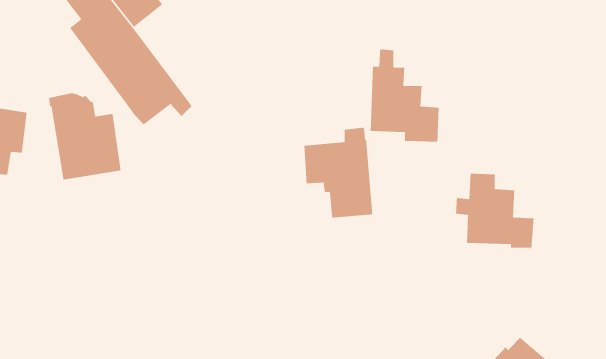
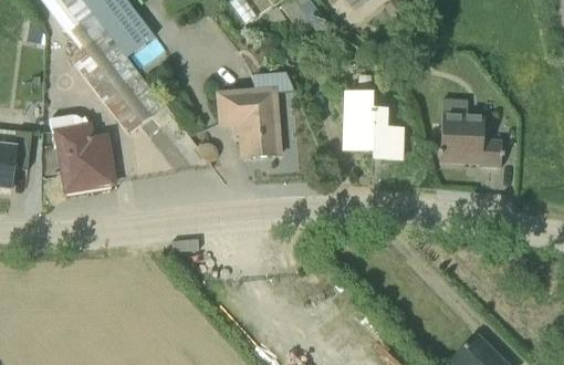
building: [303,127,373,218] -> [217,75,280,158]
building: [455,173,535,249] -> [430,98,502,167]

